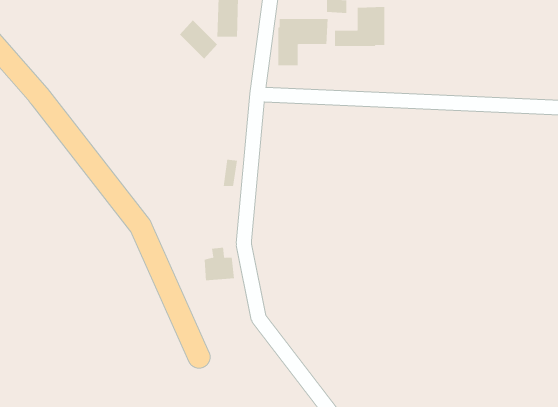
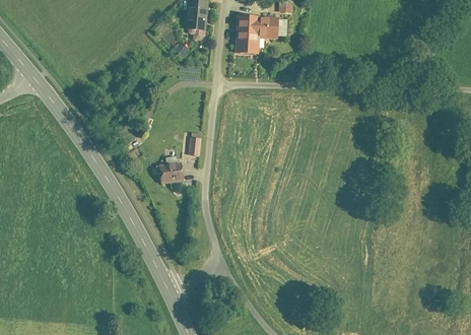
building: [334,6,385,47] -> none
building: [204,247,235,281] -> [160,154,186,182]

